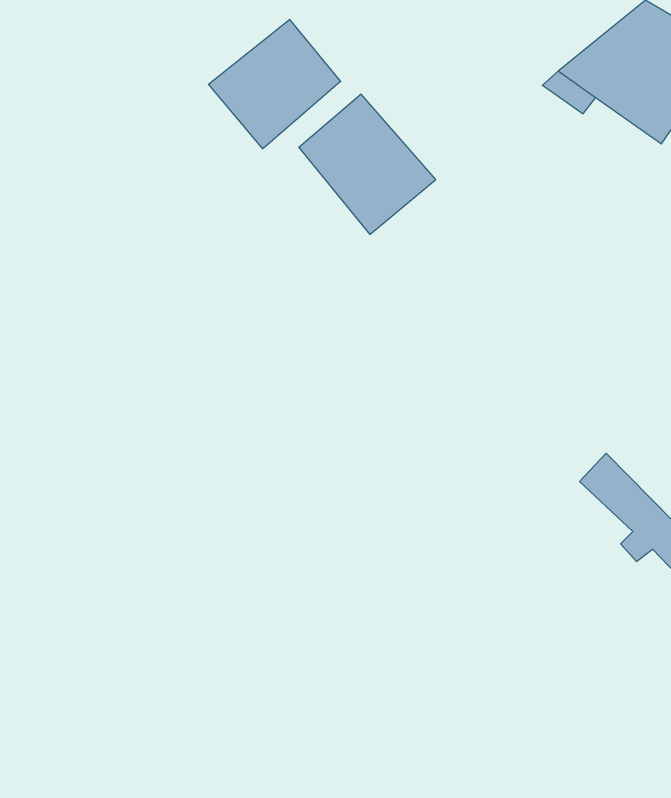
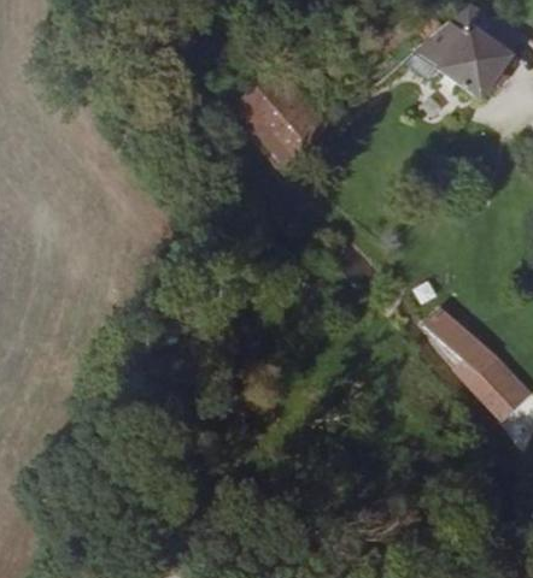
building: [209,19,341,149] -> none

